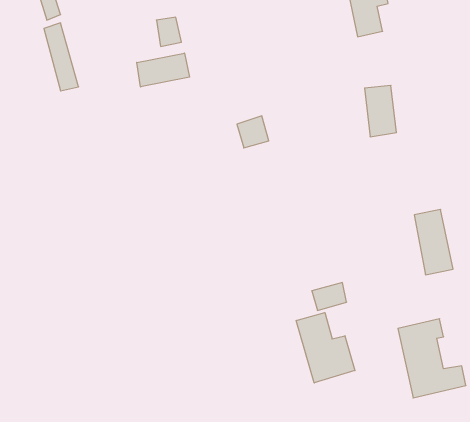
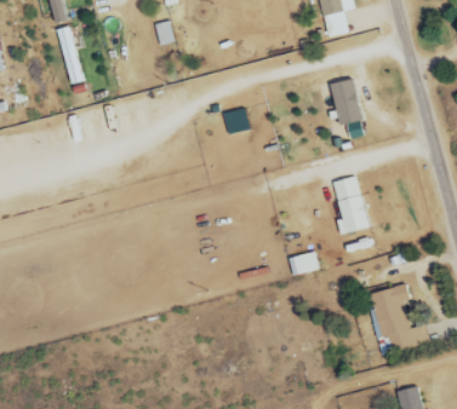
building: [137,53,189,87] -> none
building: [414,209,453,275] -> [335,175,369,232]
building: [296,313,355,383] -> none

